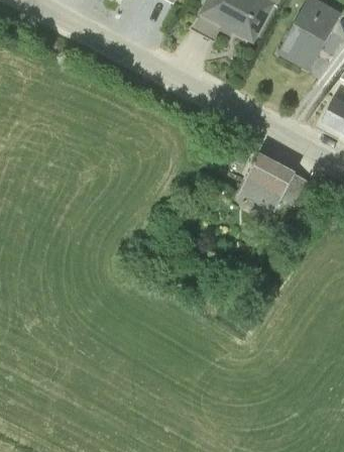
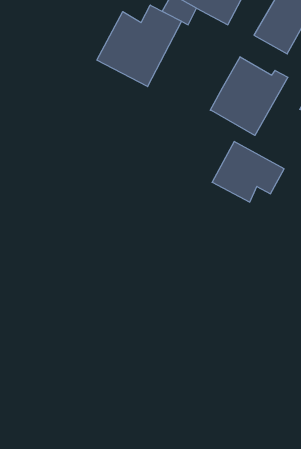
building: none -> [97,5,182,87]
building: none -> [210,57,288,135]

